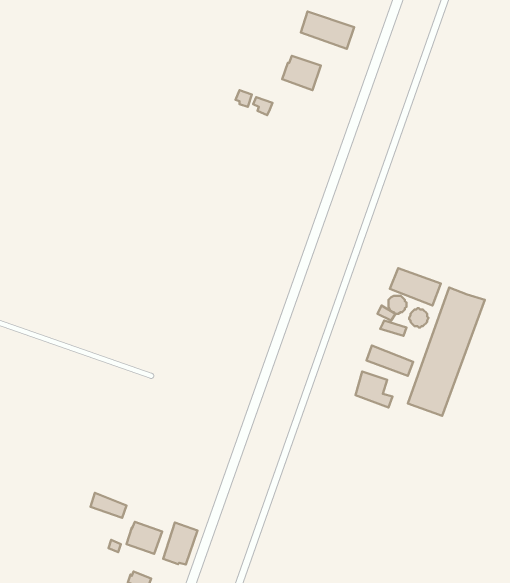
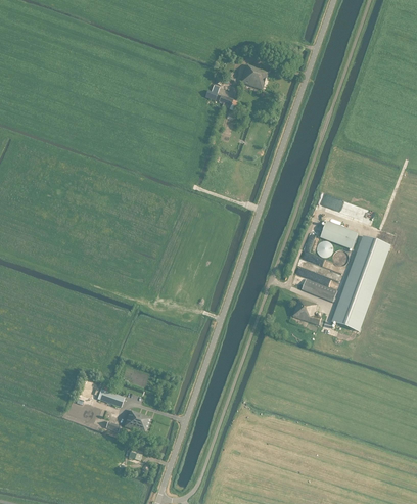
building: [301,12,354,49] -> none
building: [163,522,198,565] -> none

